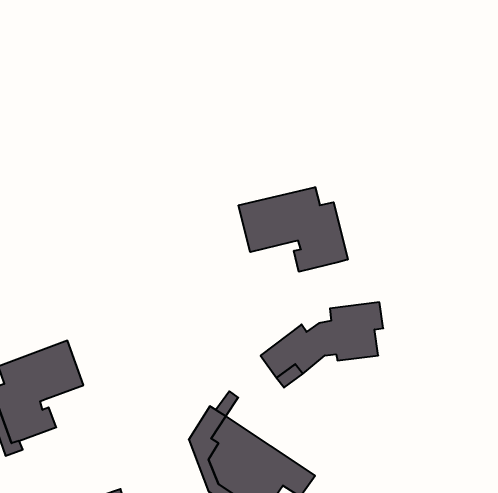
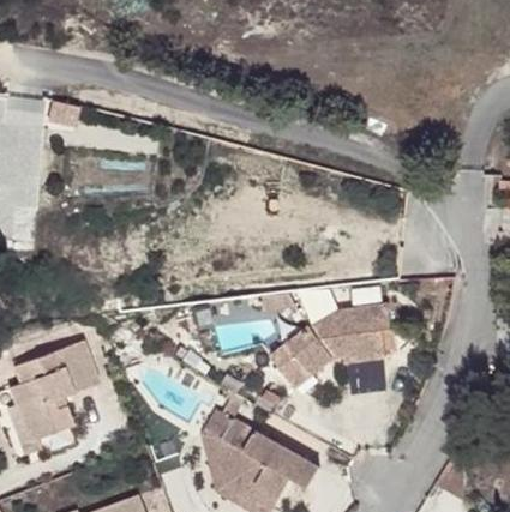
building: [239,187,348,272] -> none

